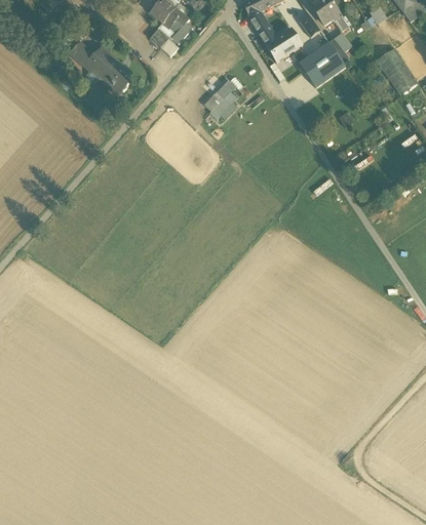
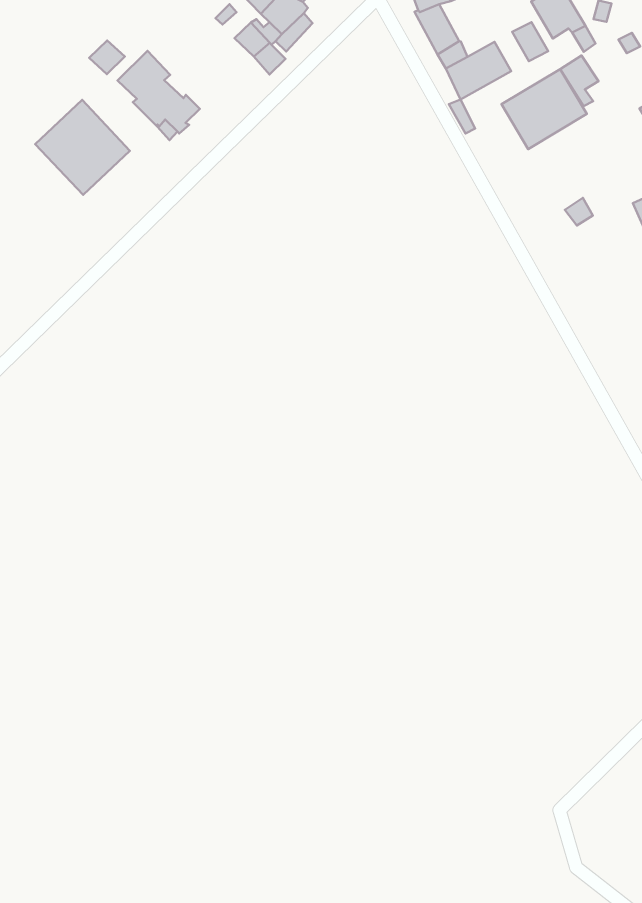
building: none -> [35,100,130,195]
building: [203,78,239,118] -> none

